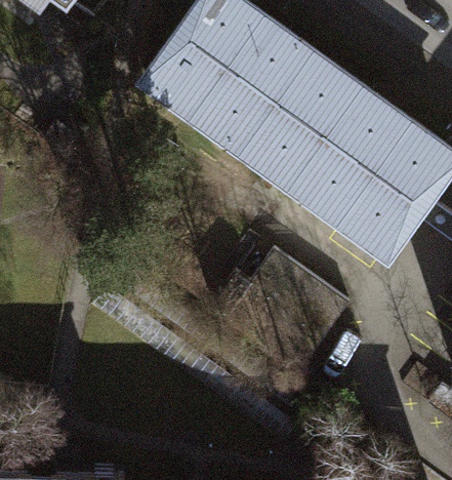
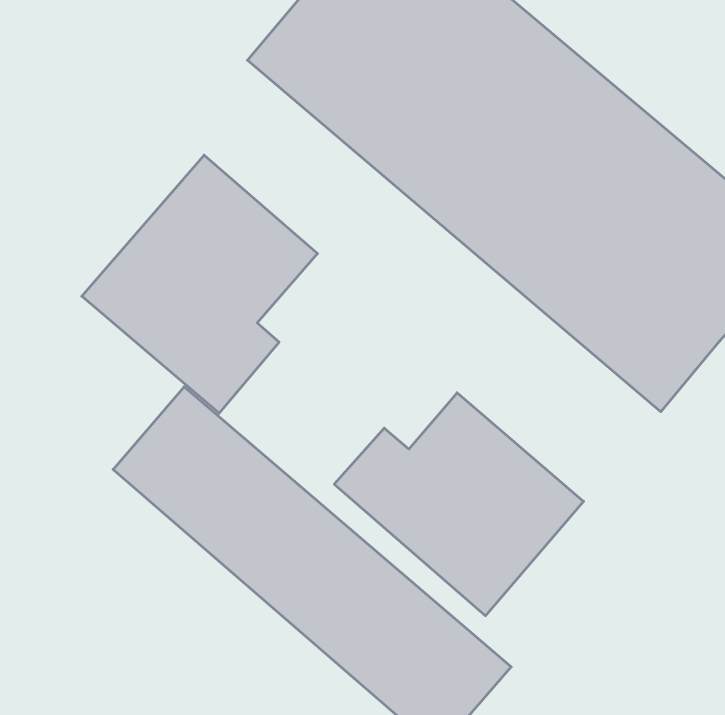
building: none -> [82,155,318,413]

